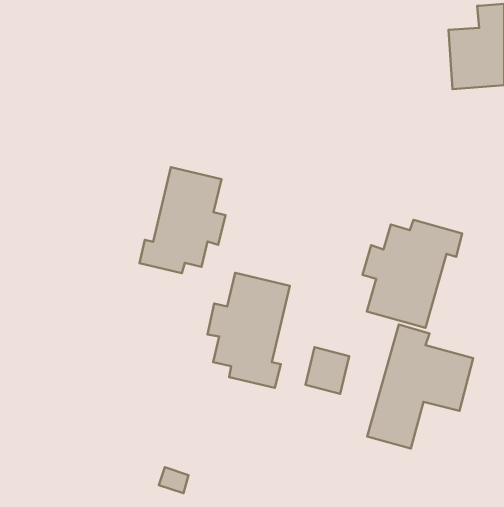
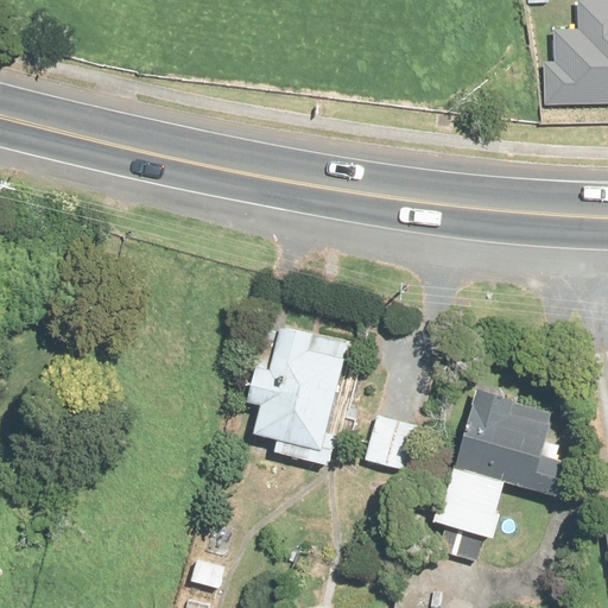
building: [140,167,226,273] -> none
building: [362,220,462,328] -> none

